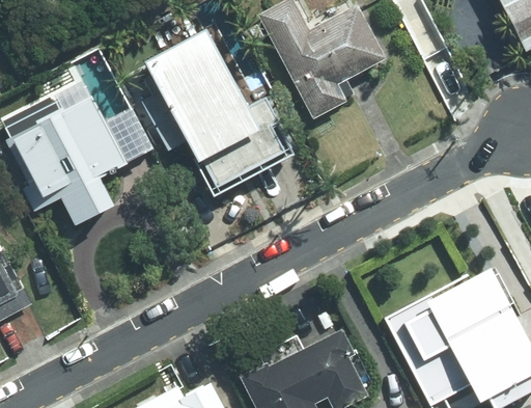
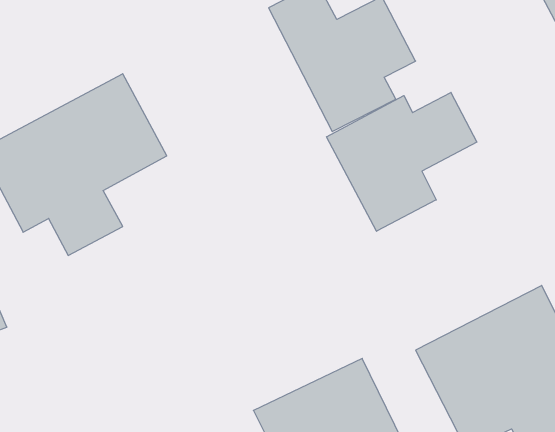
building: [140,18,297,200] -> none
building: none -> [327,92,477,231]

